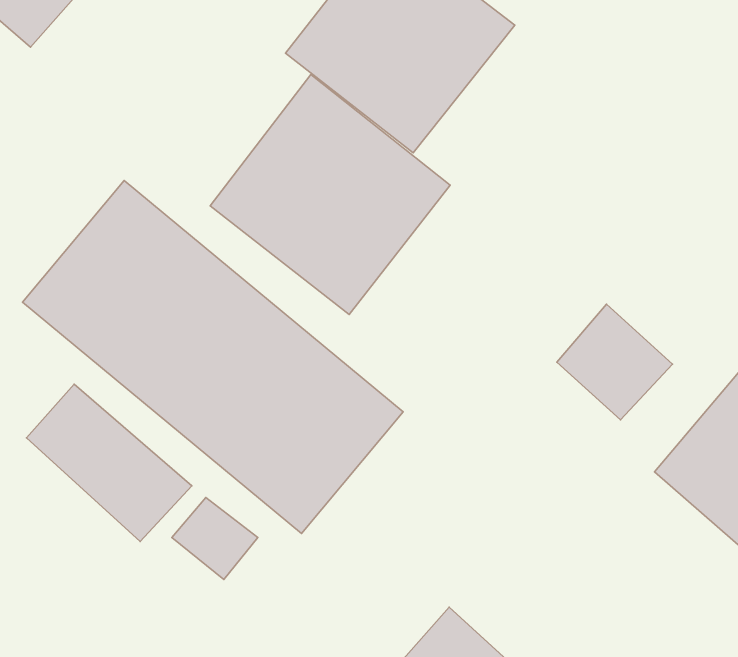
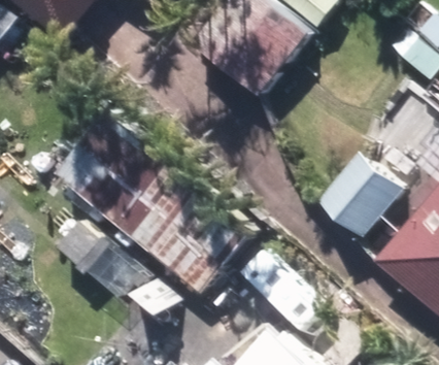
building: [210,75,450,314] -> none

